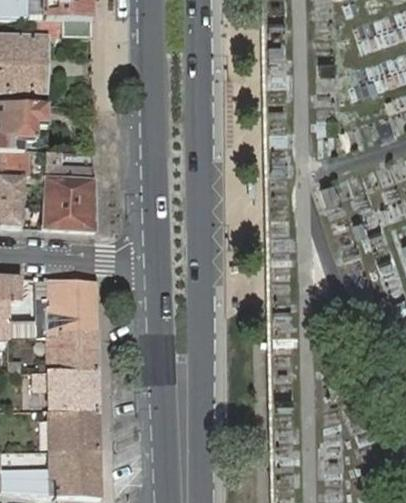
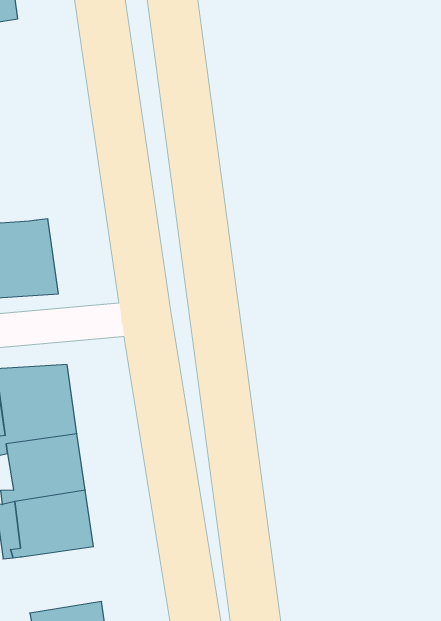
building: [47,409,100,450] -> none

